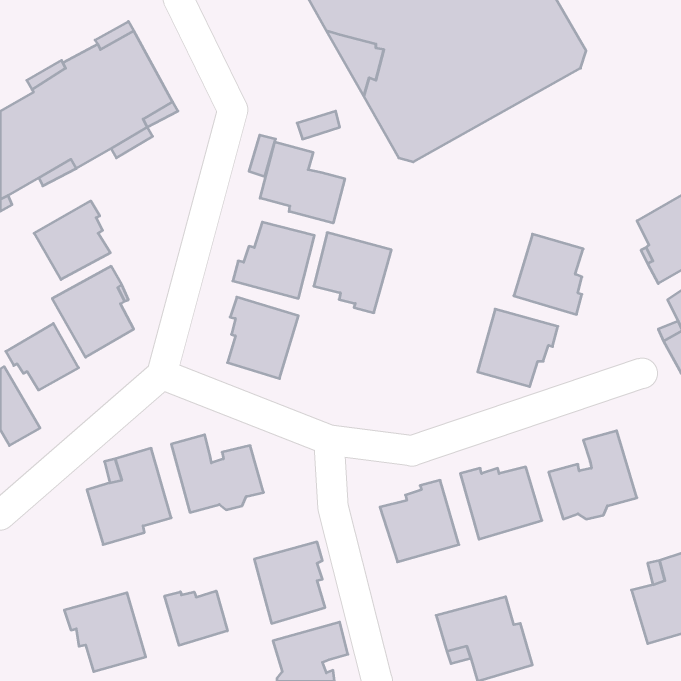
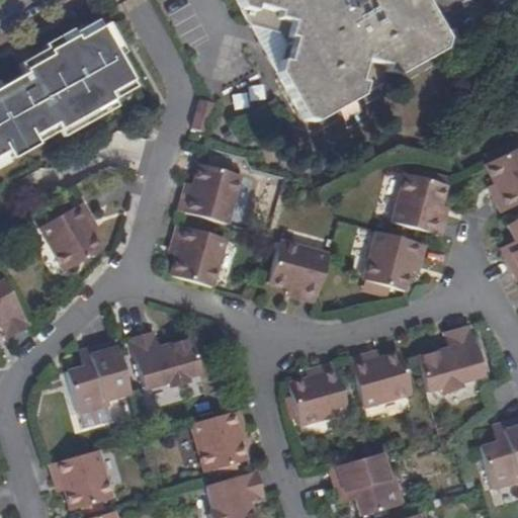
building: [260,142,345,223] -> none
building: [34,201,110,280] -> none
building: [314,233,391,313] -> [270,243,329,304]
building: [6,323,79,390] -> none
building: [165,591,227,645] -> none

